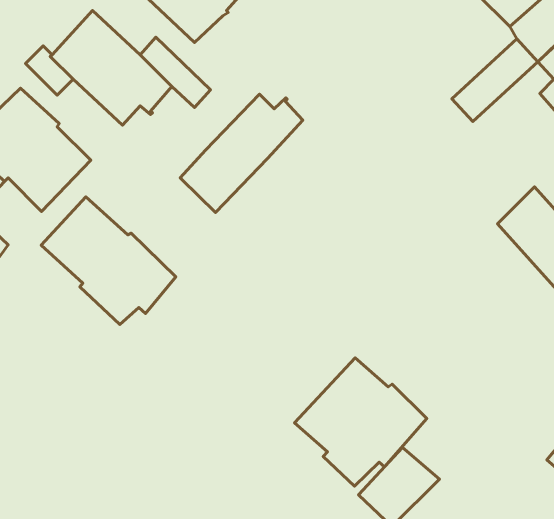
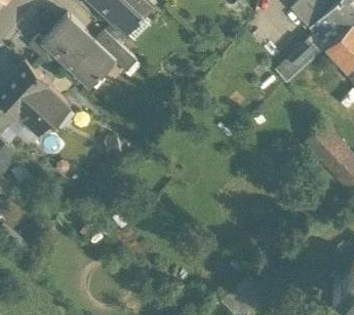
building: [180,94,303,212] -> none
building: [41,197,176,325] -> none
building: [294,358,427,486] -> none

